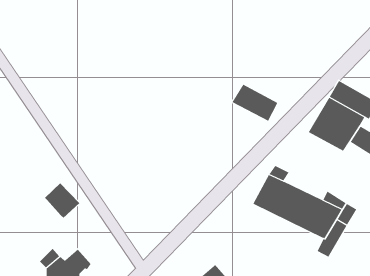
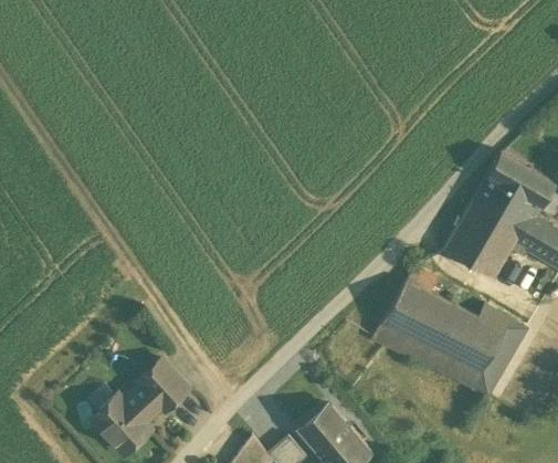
building: [232,84,278,121] -> [444,224,508,276]
building: [44,182,80,219] -> [140,360,190,410]
building: none -> [373,323,481,388]

